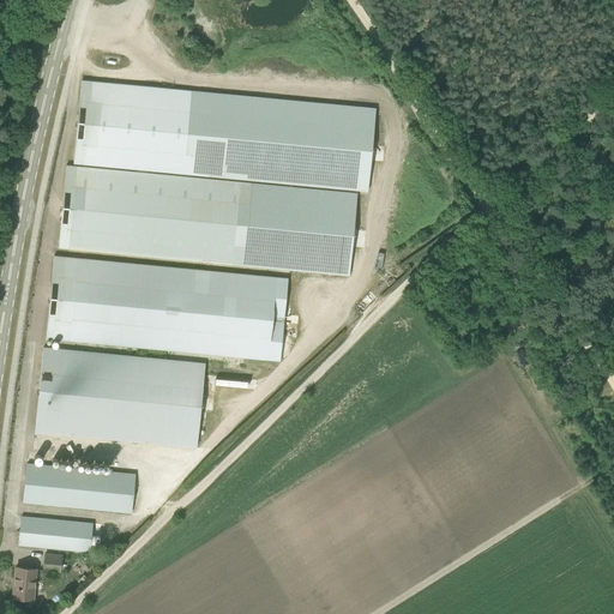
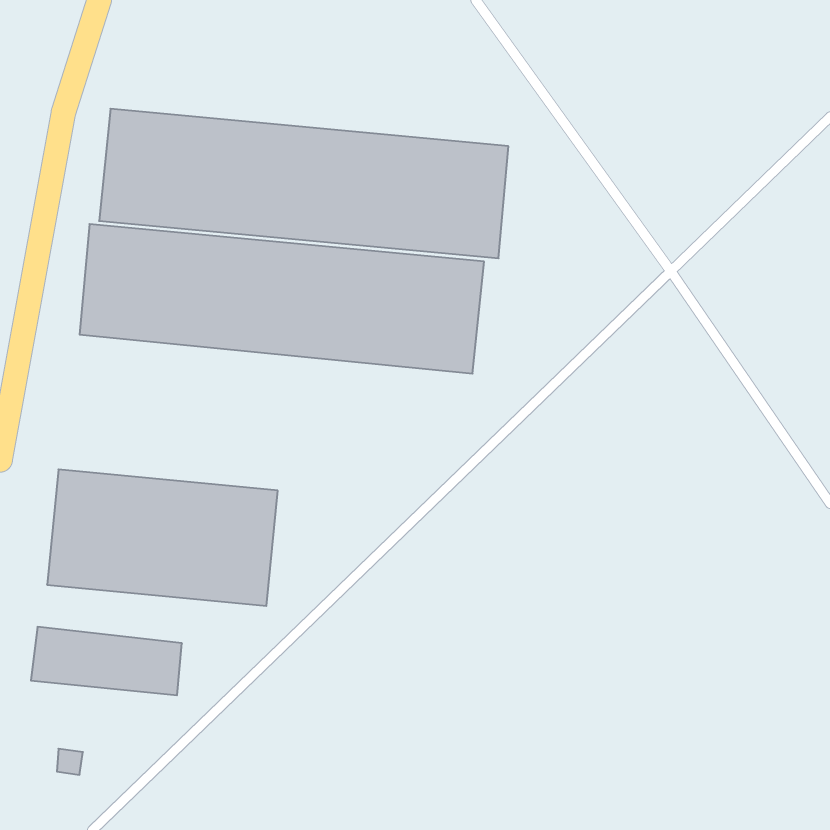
building: [46,255,288,360] -> none
building: [18,517,92,553] -> none
building: [13,566,36,600] -> none

